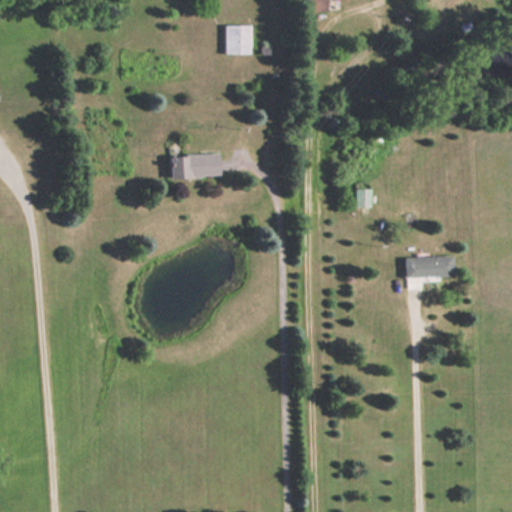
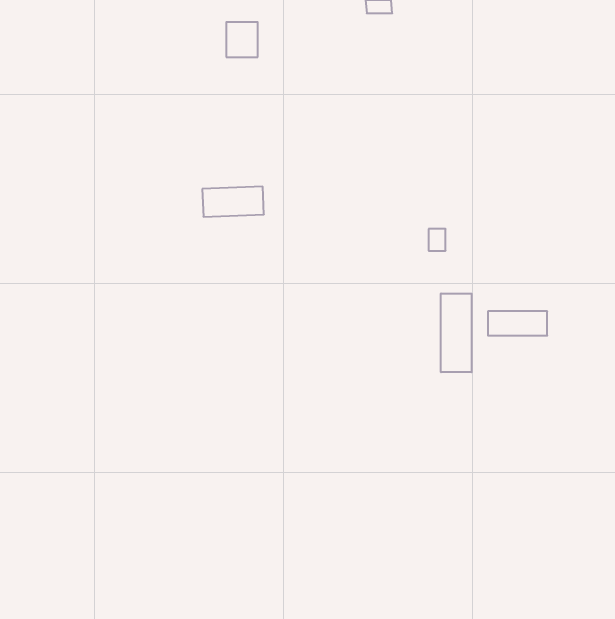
building: [225,25,251,54] -> [226,22,258,57]
building: none -> [441,293,472,372]

